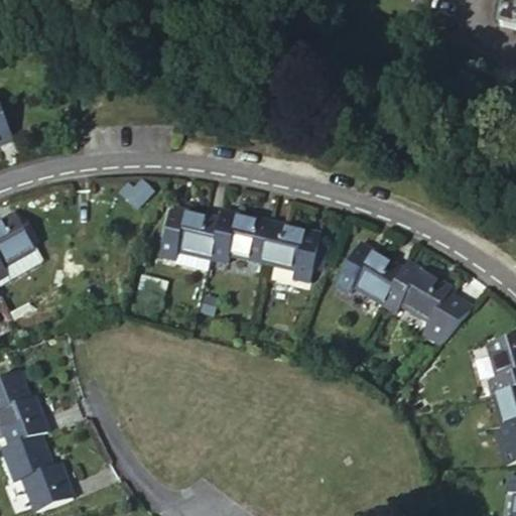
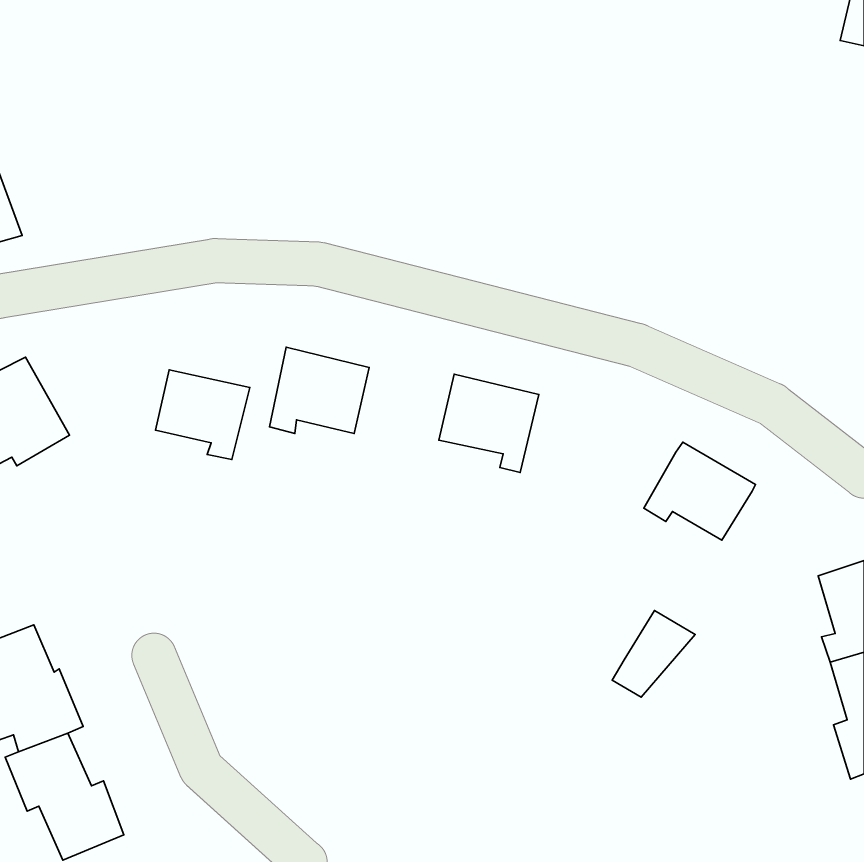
building: [211,212,270,262] -> none
building: none -> [155,370,250,459]
building: [336,244,402,302] -> none
building: [422,292,472,344] -> [612,611,695,697]

